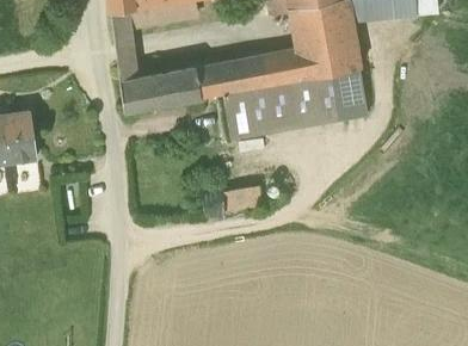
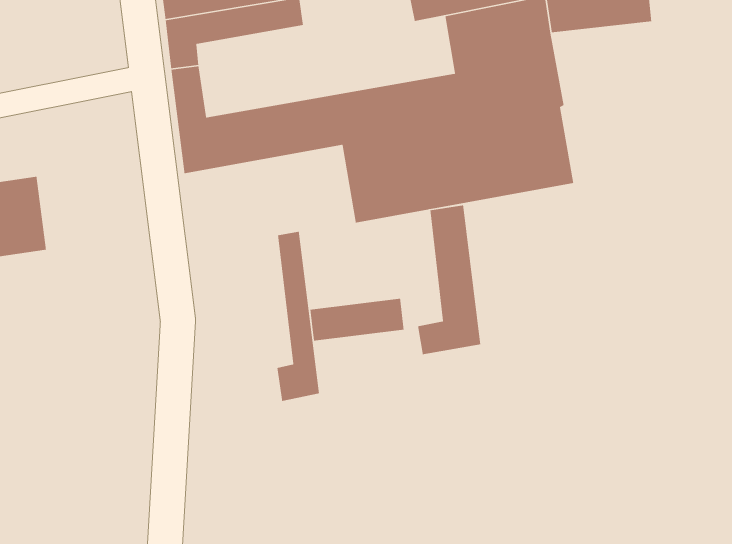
building: none -> [417,205,481,355]
building: none -> [276,231,320,402]

